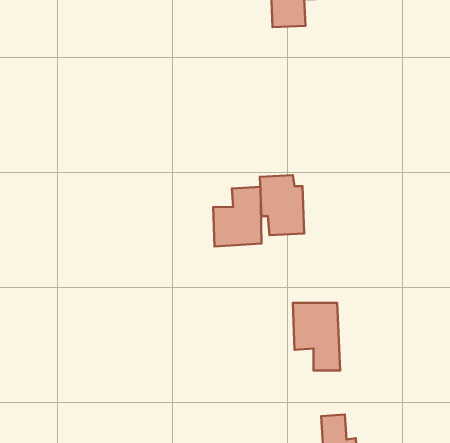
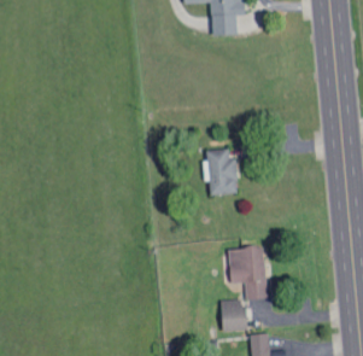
building: [213,187,262,247] -> none
building: none -> [222,300,246,331]

